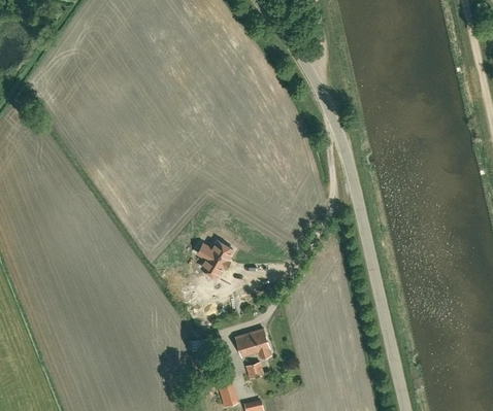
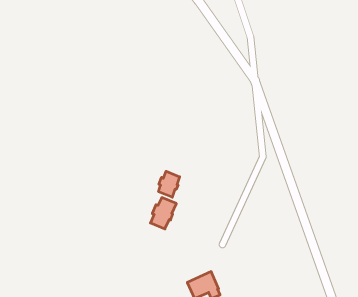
building: none -> [159,171,180,197]

